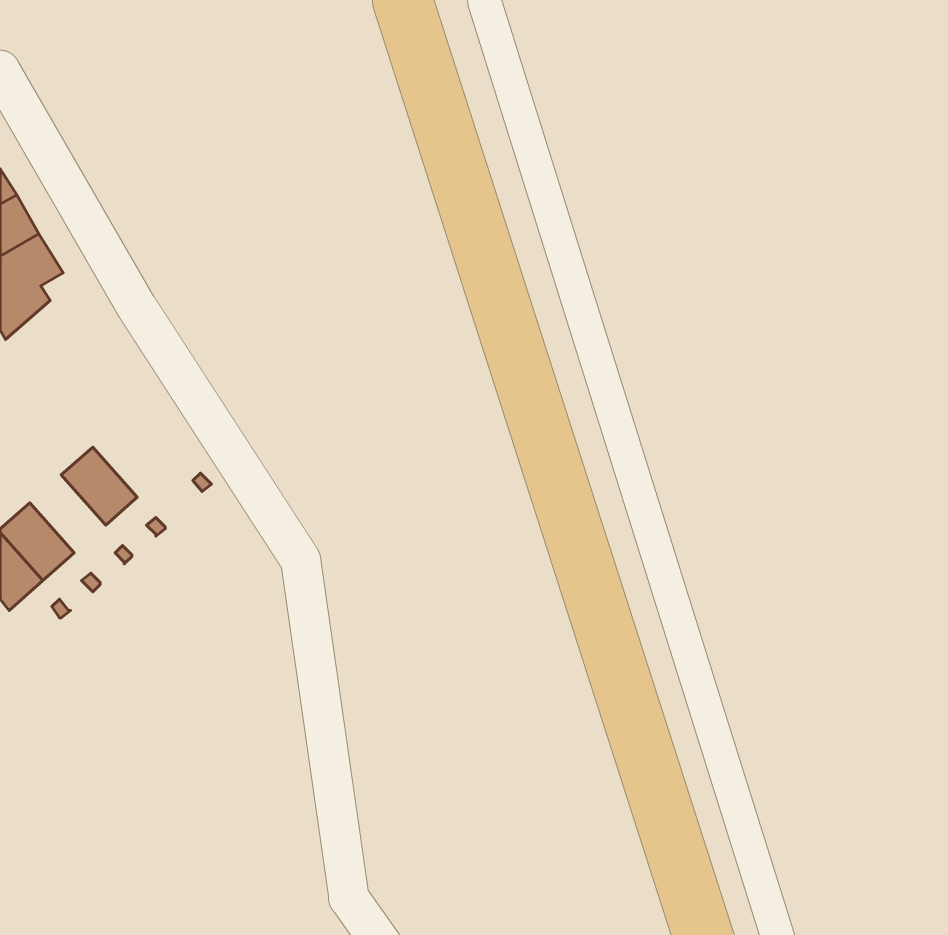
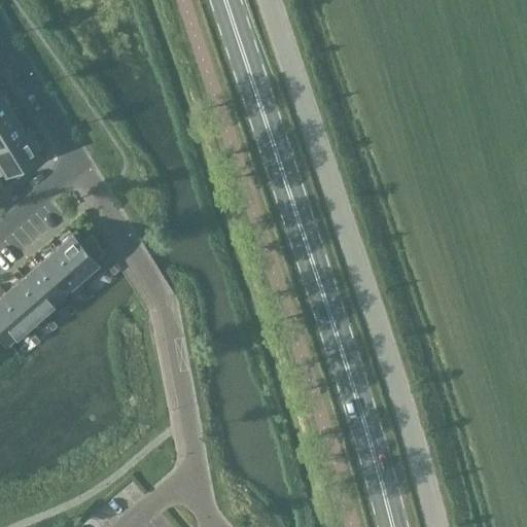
building: none -> [51,240,103,283]
building: none -> [16,271,59,314]

